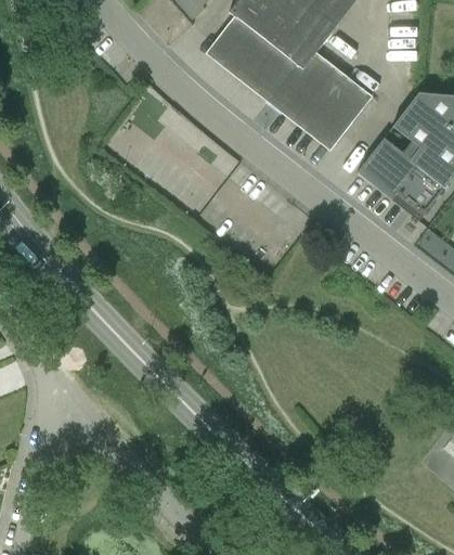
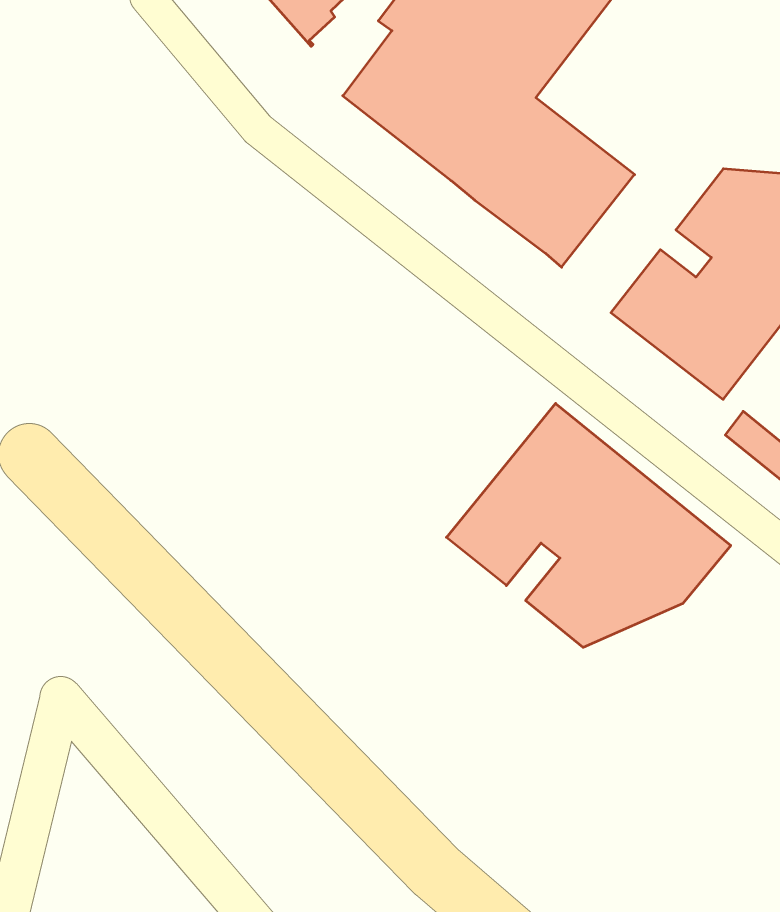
building: none -> [446,403,731,647]

